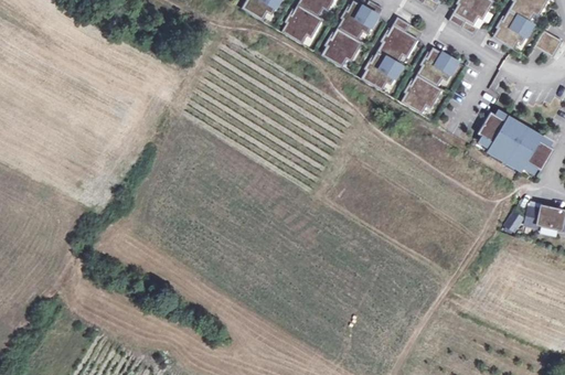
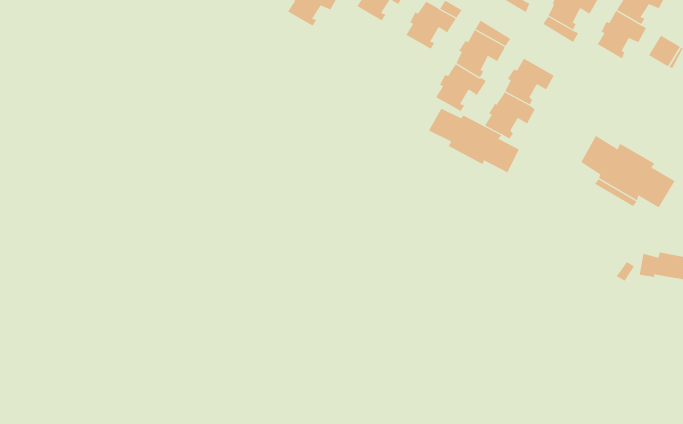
building: [282,7,323,46] -> none
building: [322,30,363,69] -> none
building: none -> [428,108,520,173]

